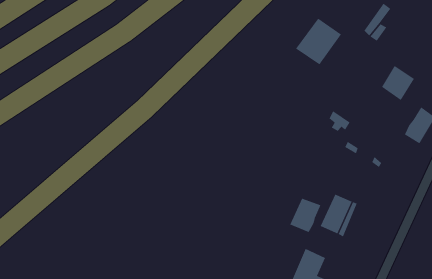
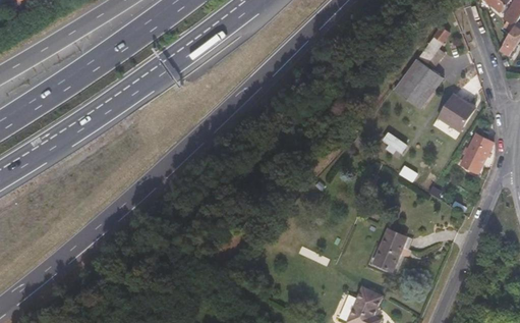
building: [295,18,342,65] -> [392,63,440,112]
building: [290,198,321,233] -> none

